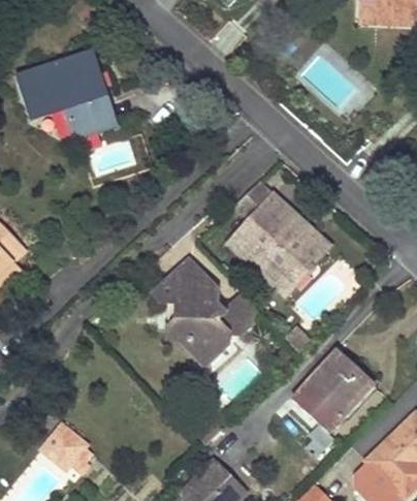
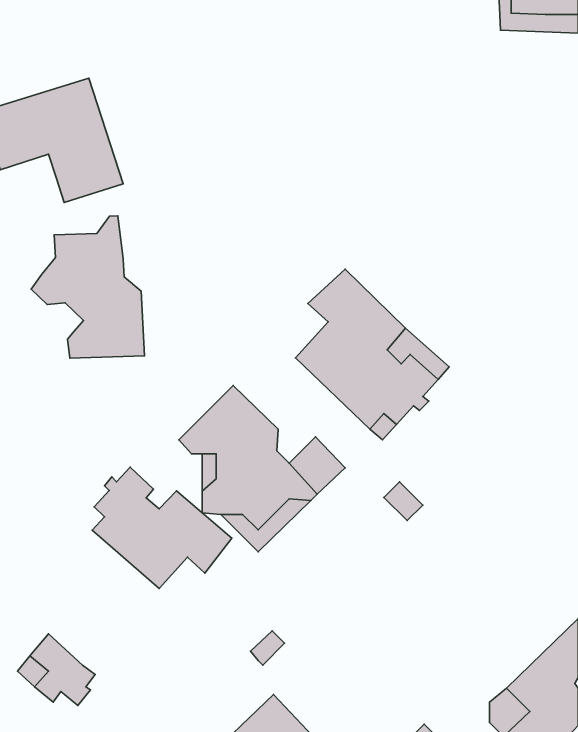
building: none -> [31,216,145,358]
building: none -> [92,467,232,588]
building: [286,348,376,435] -> none

